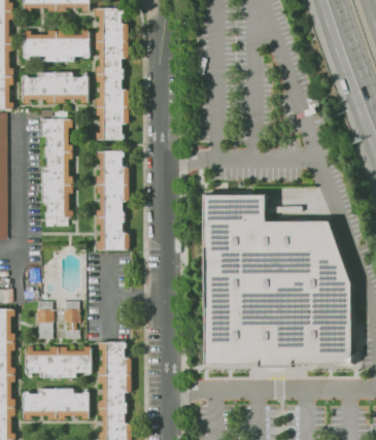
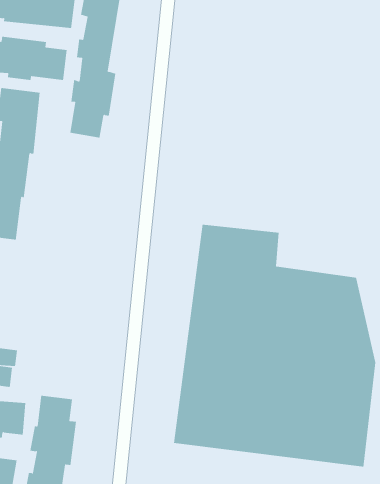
building: [97,151,130,249] -> none

